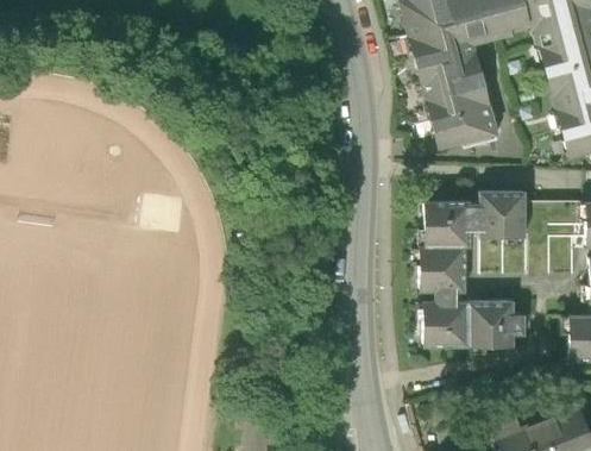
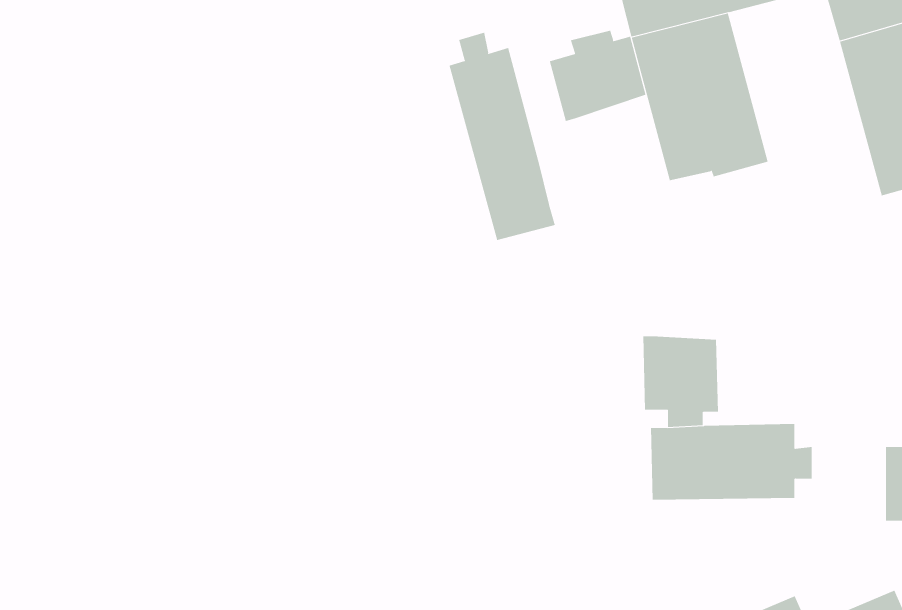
building: none -> [549,30,646,122]
building: none -> [449,32,556,241]
building: [427,189,529,248] -> none

